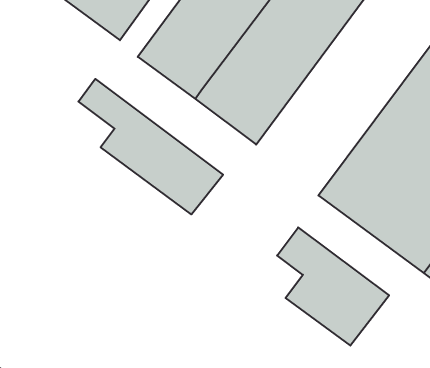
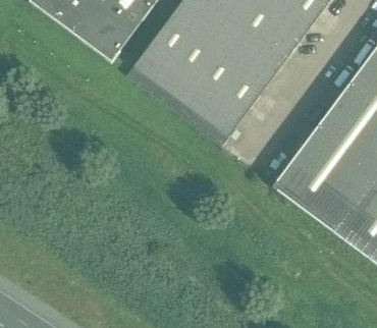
building: [78,79,223,214] -> none
building: [277,227,389,346] -> none

